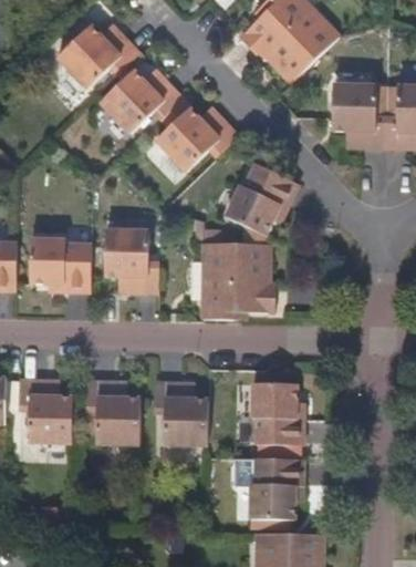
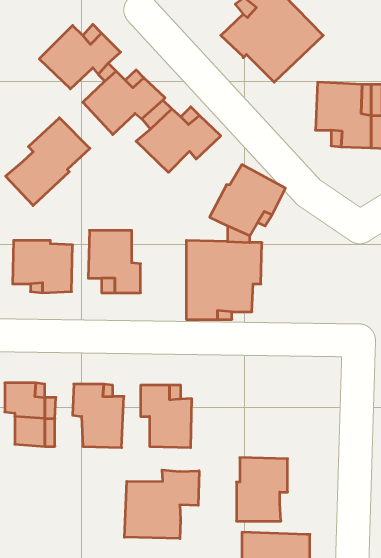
building: none -> [6,118,90,206]
building: [252,381,303,443] -> none
building: none -> [124,470,199,539]

